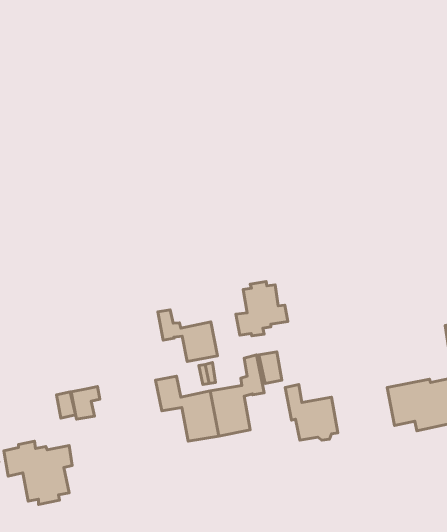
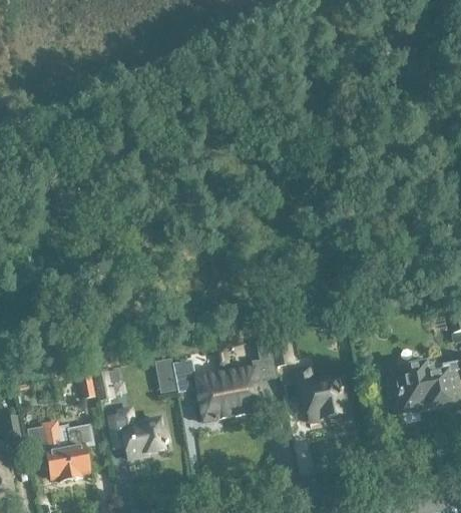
building: [236,282,288,336] -> none
building: [158,310,218,361] -> none
building: none -> [117,414,164,458]

